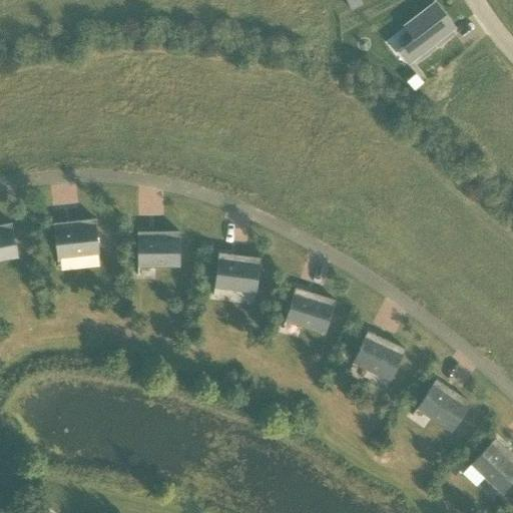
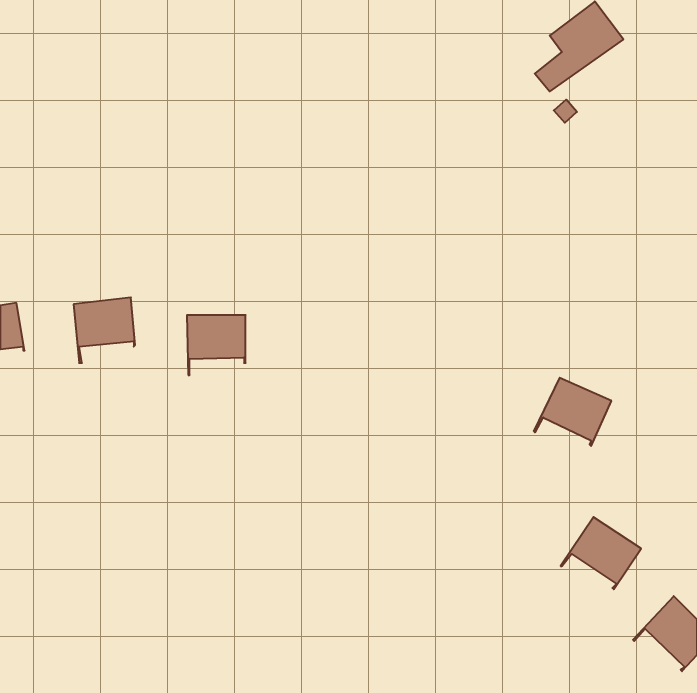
building: [213,255,261,299] -> none
building: [283,291,336,338] -> none
building: [349,335,406,385] -> [534,378,611,446]

